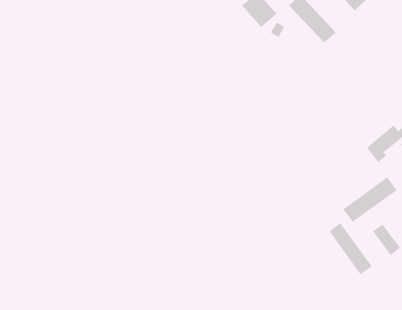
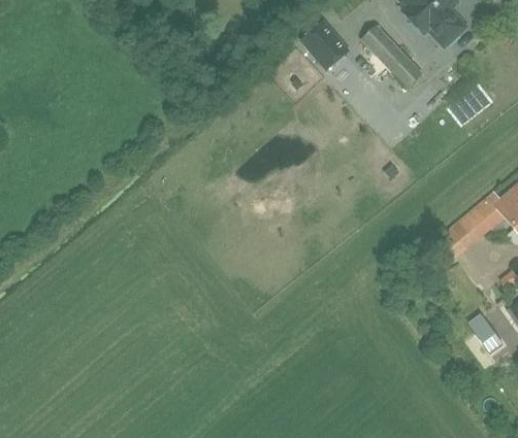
building: [342,177,397,222] -> none
building: [329,222,372,275] -> none

